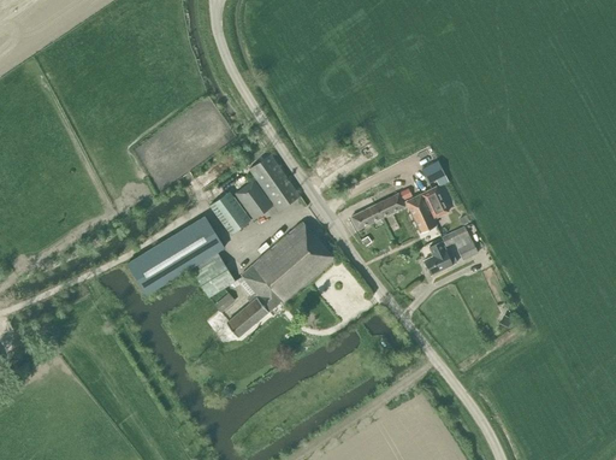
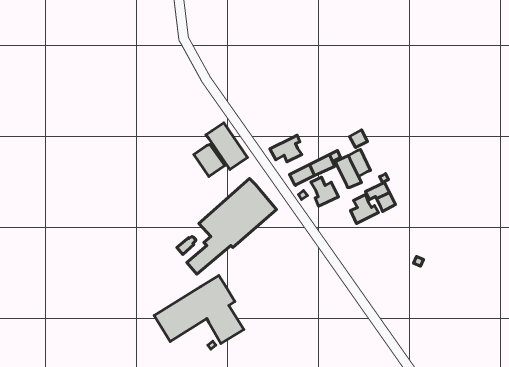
building: none -> [270,135,302,162]
building: [209,190,250,234] -> none
building: [126,214,235,296] -> [154,276,244,343]
building: none -> [311,177,338,206]

